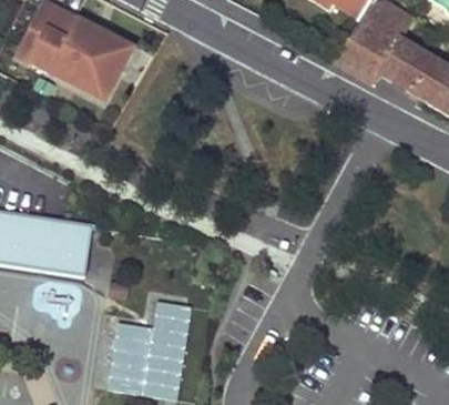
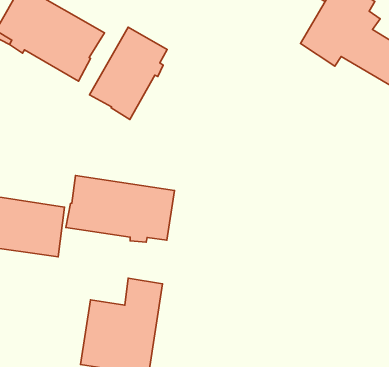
building: none -> [89,27,167,120]
building: none -> [66,175,174,242]

